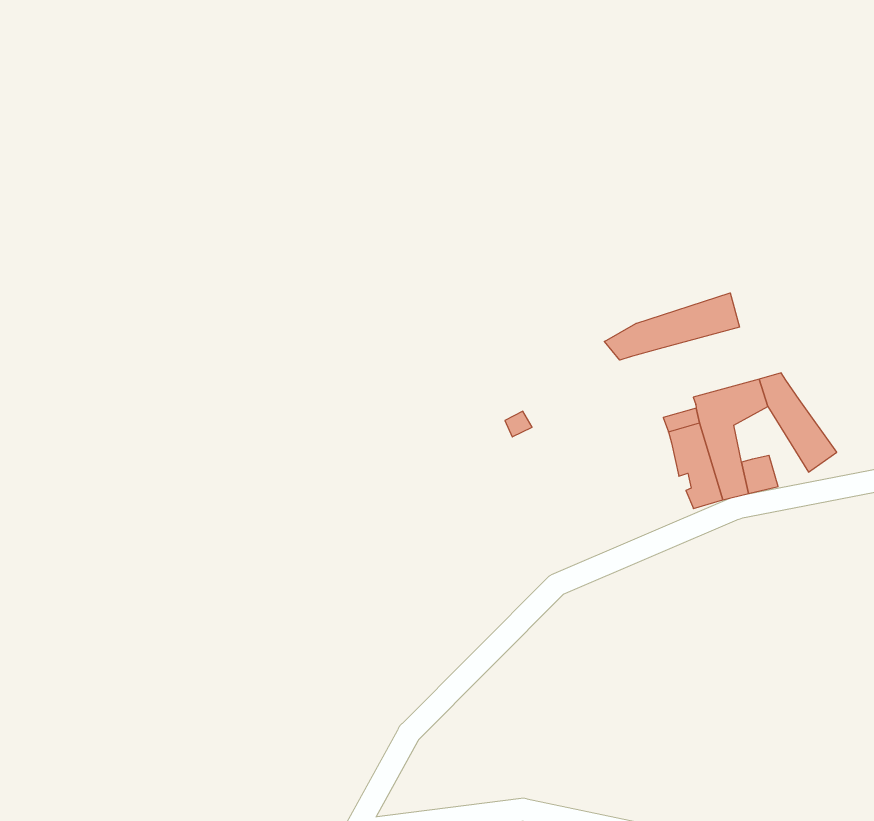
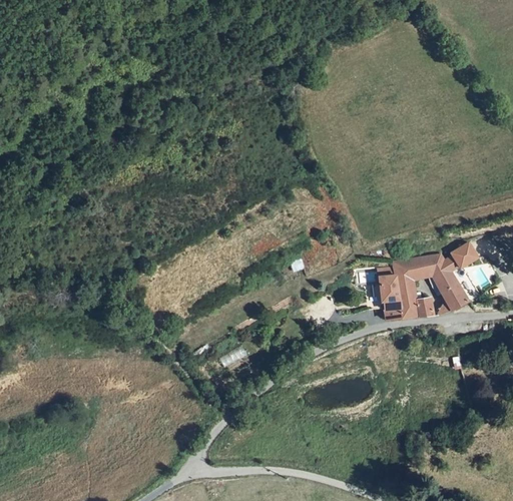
building: [604,293,739,360] -> none
building: none -> [444,241,477,270]

